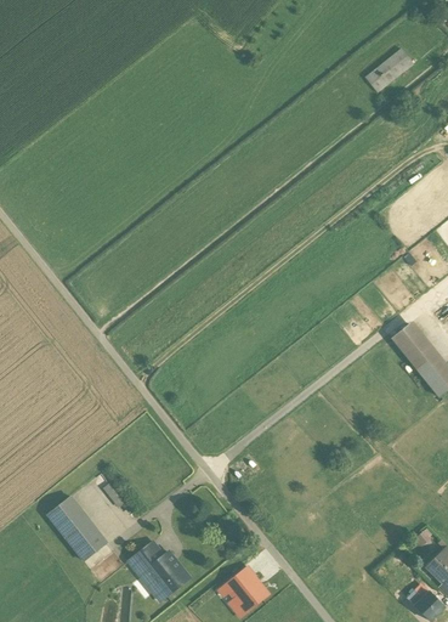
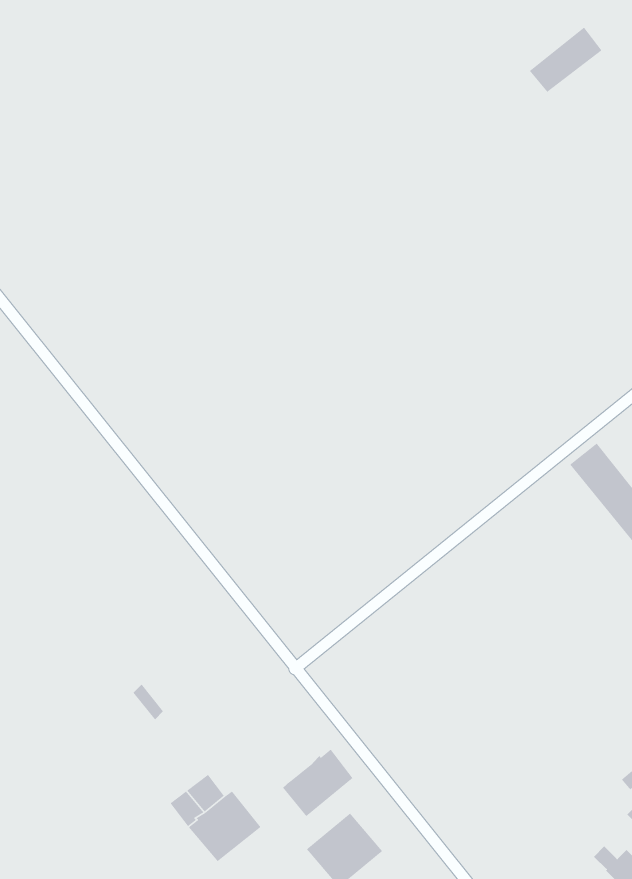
building: [47,496,107,560] -> none
building: none -> [282,749,353,817]

